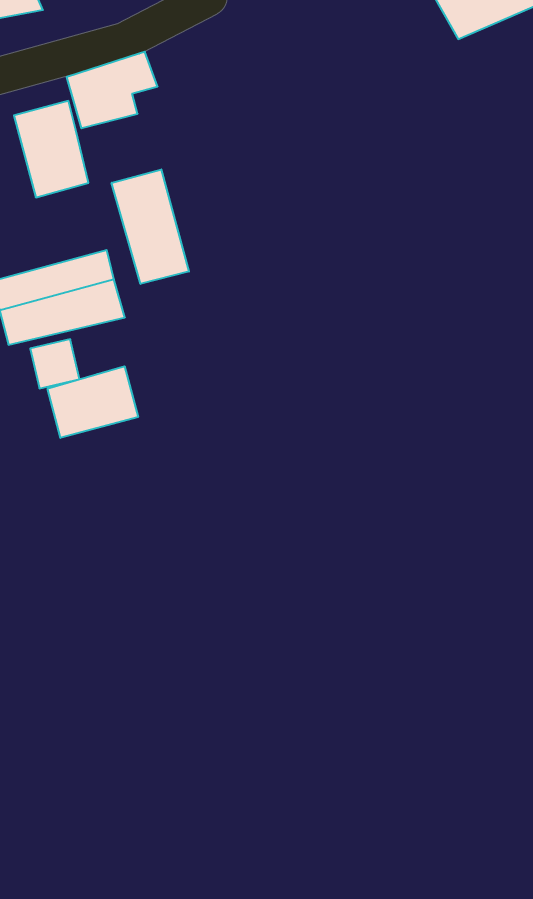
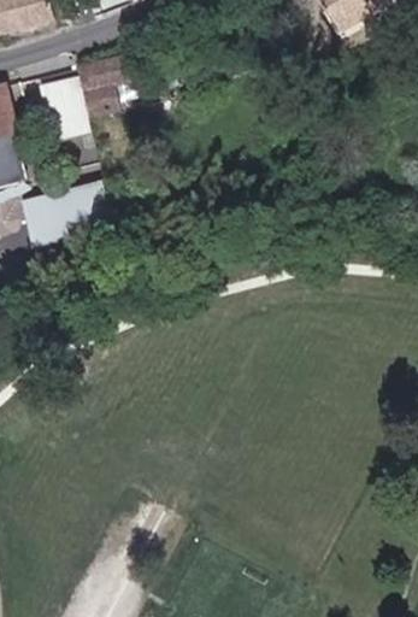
building: [112,169,189,284] -> none
building: [48,366,138,438] -> none

